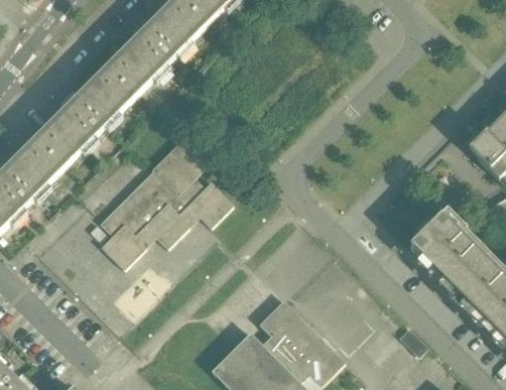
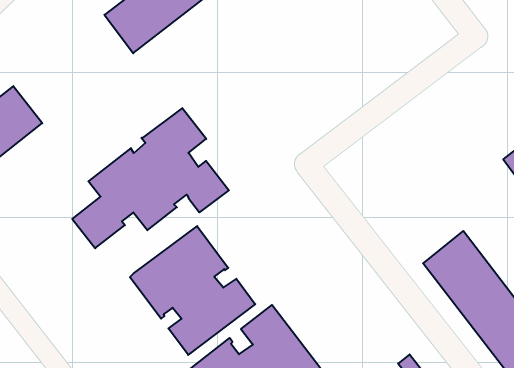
building: [35,64,136,165] -> none
building: none -> [130,226,255,355]

